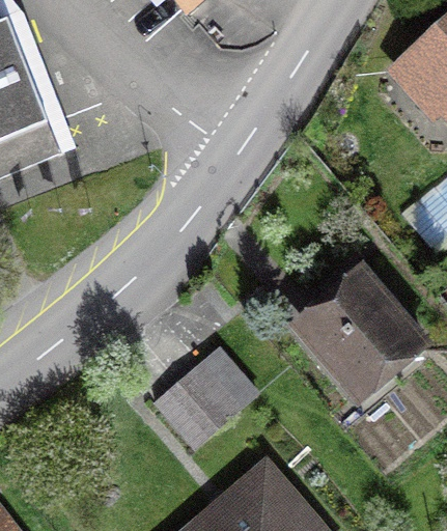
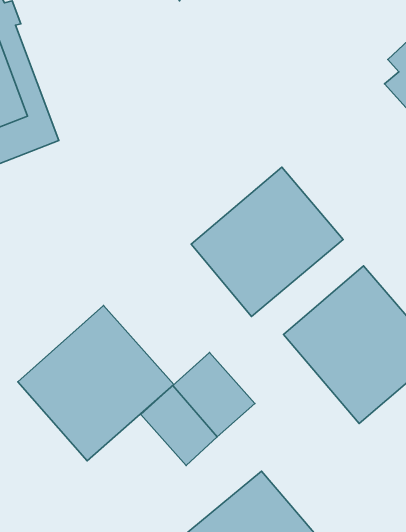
building: none -> [191,167,343,317]
building: none -> [18,305,174,461]

